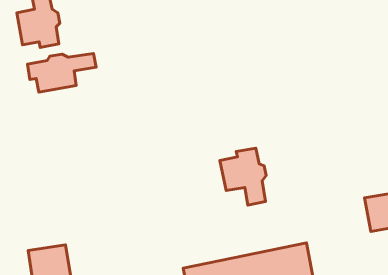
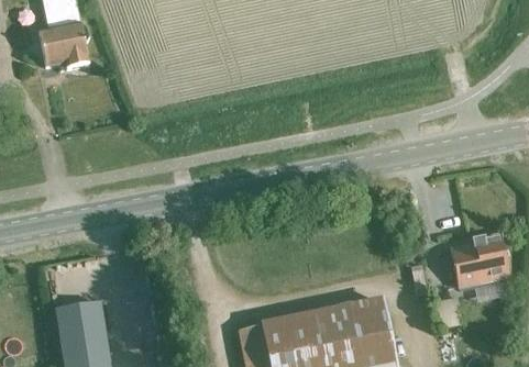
building: [28,53,96,92] -> none
building: [220,148,266,205] -> none

